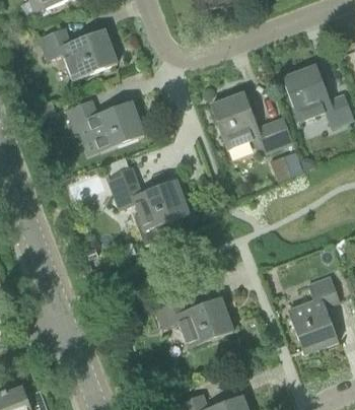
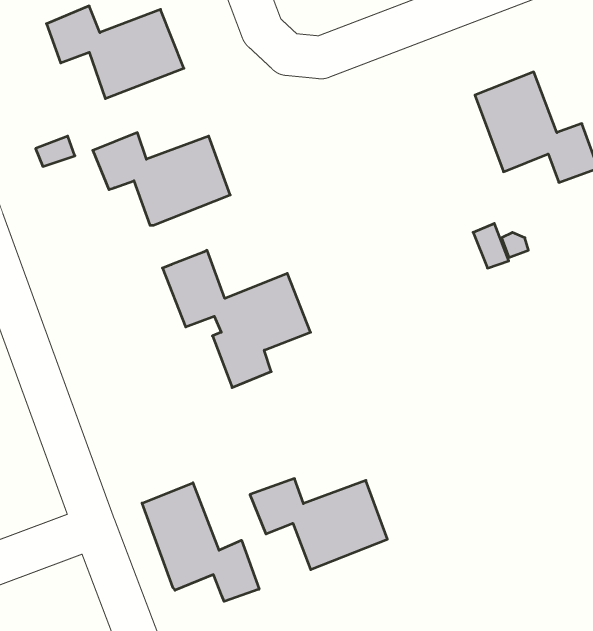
building: [209,91,291,154] -> none
building: [287,275,339,354] -> none
building: none -> [142,483,259,601]

